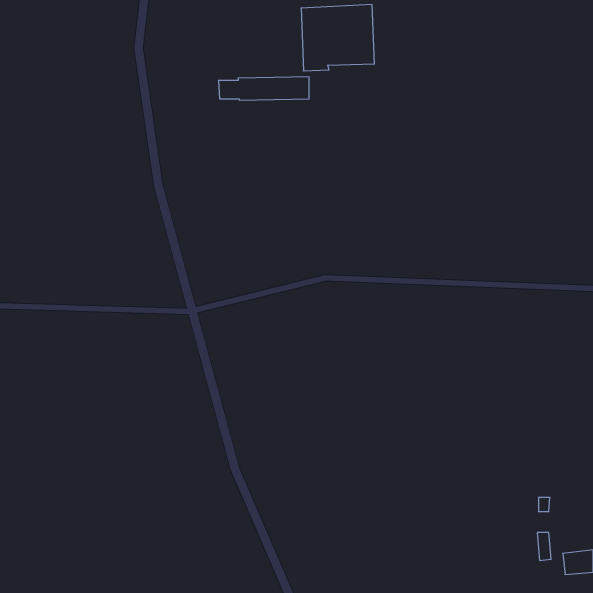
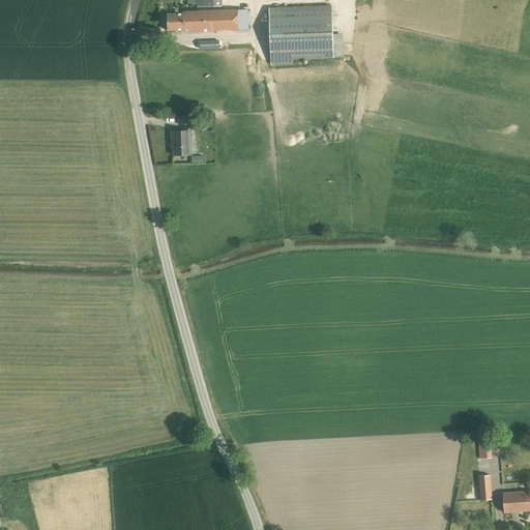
building: [218,77,309,100] -> [166,9,246,30]
building: none -> [171,115,190,154]

